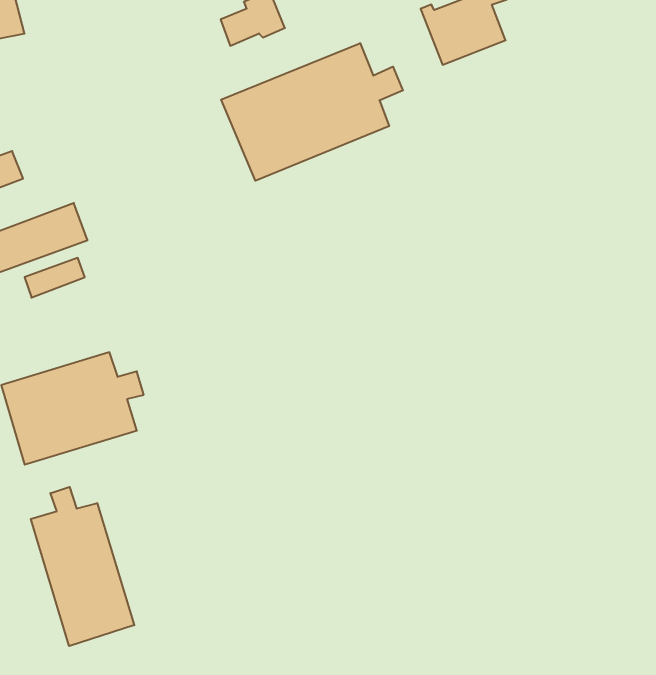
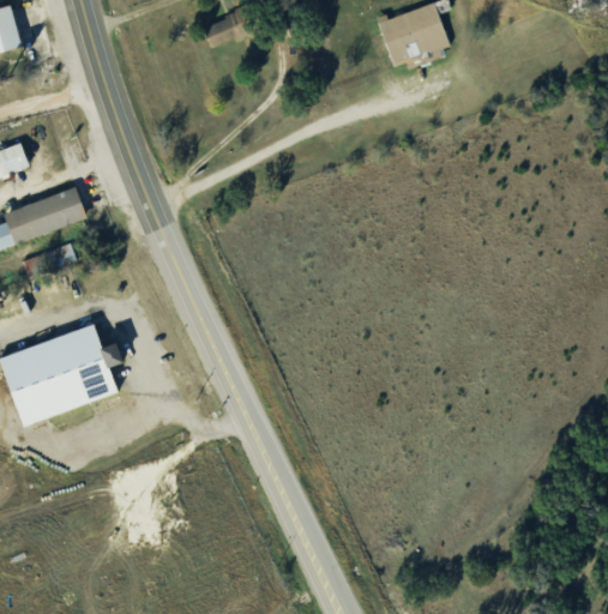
building: [221,43,403,181] -> none
building: [31,487,134,646] -> none

